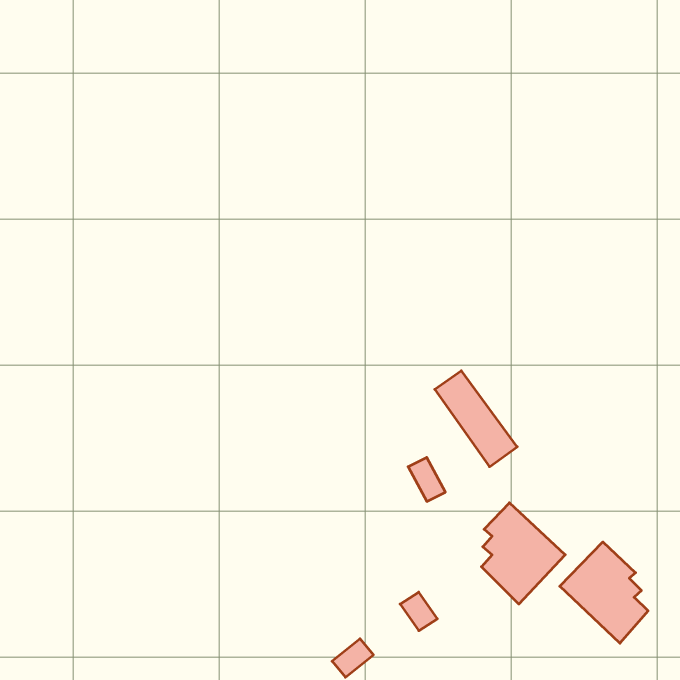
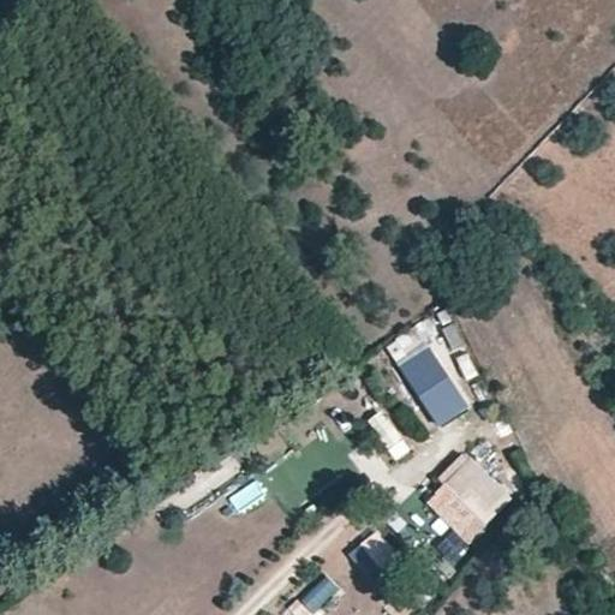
building: [560,542,648,643] -> none

